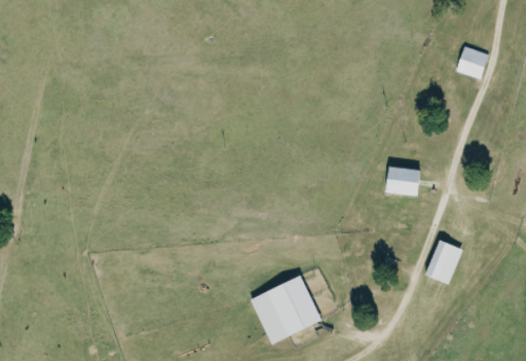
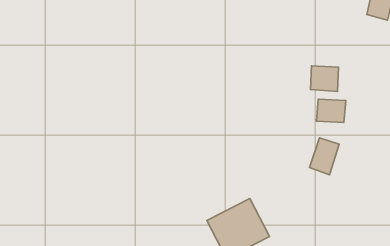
building: none -> [311,66,339,92]
building: [425,240,462,284] -> [310,138,339,175]

